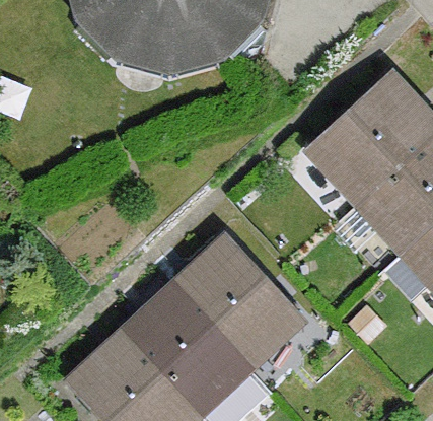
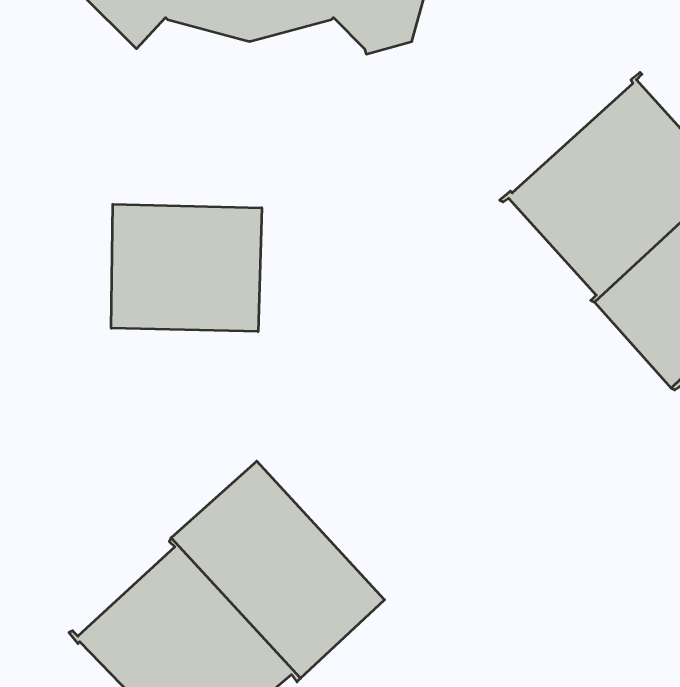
building: none -> [111,204,262,332]
building: [173,237,301,367] -> none

